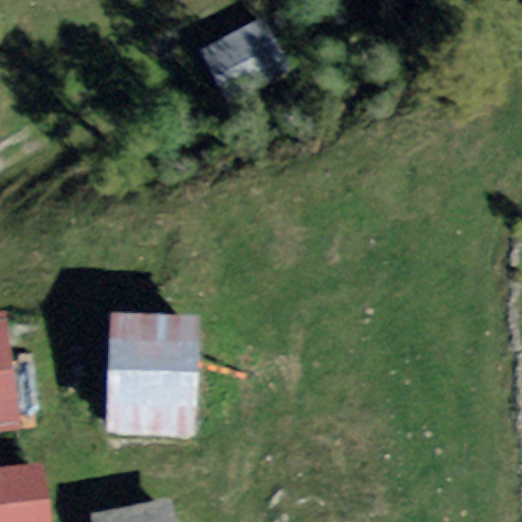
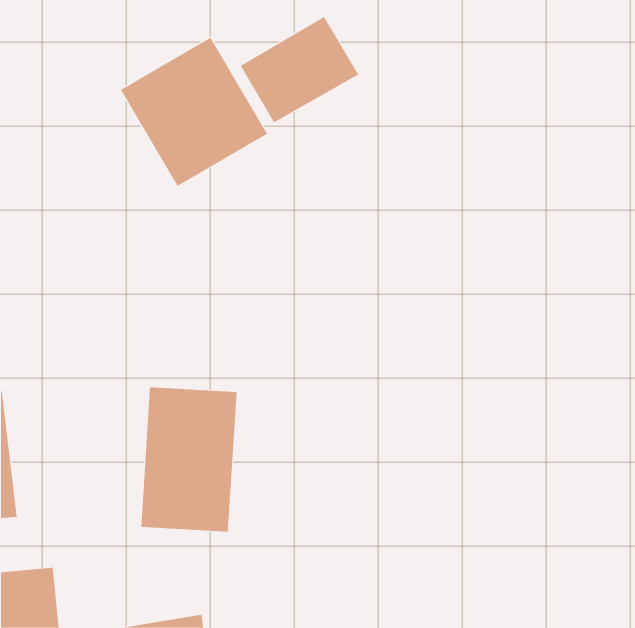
building: none -> [120,37,268,187]

